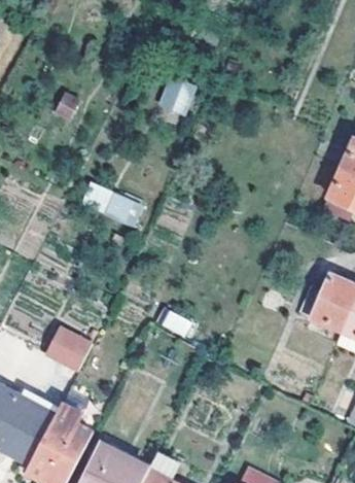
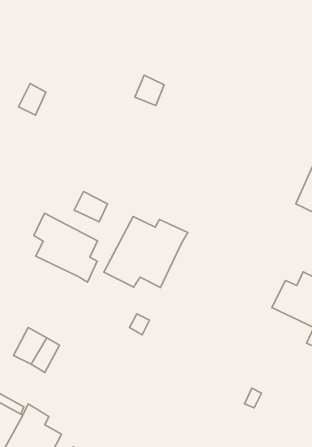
building: none -> [34,213,98,282]
building: none -> [104,216,188,287]

